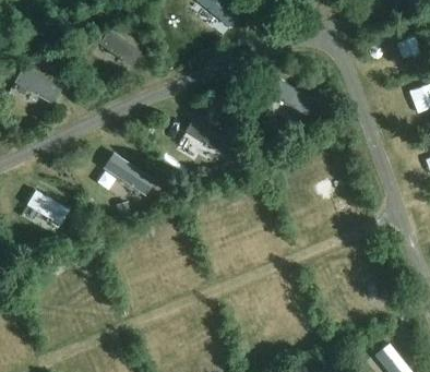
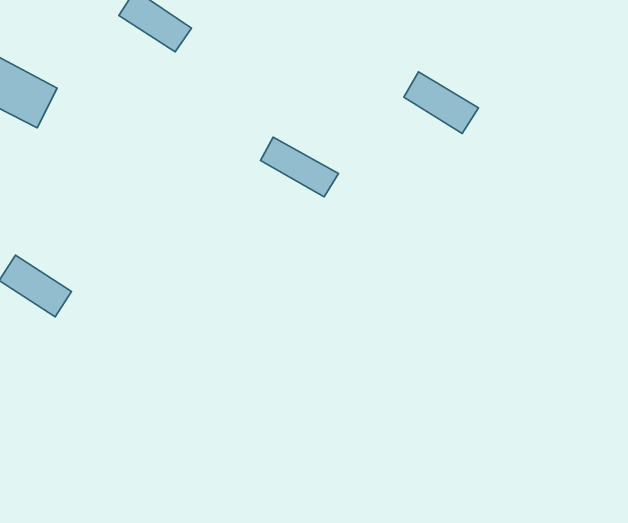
building: [96,152,156,193] -> none

